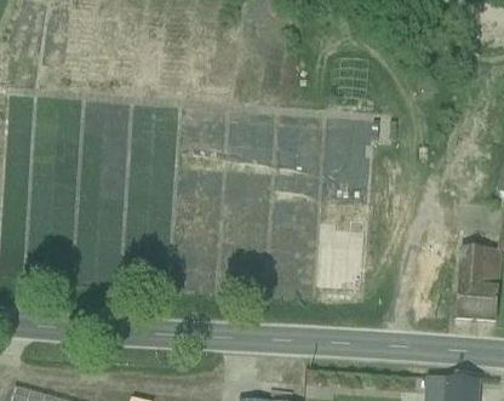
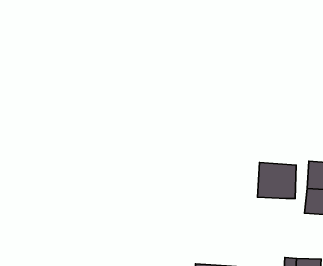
building: none -> [257,163,296,199]

